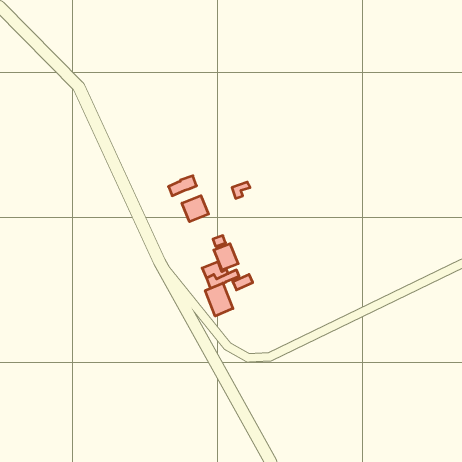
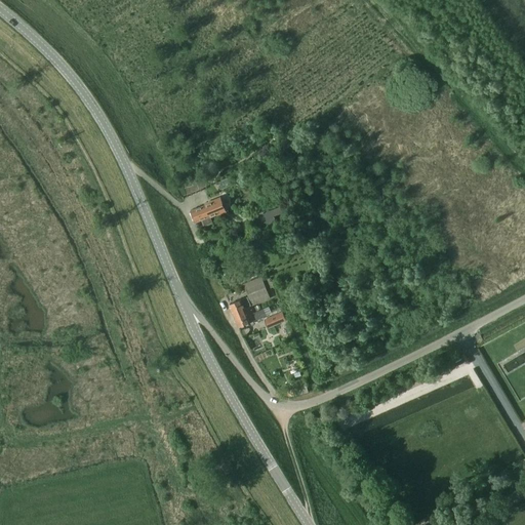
building: [182,196,209,222] -> none
building: [205,283,233,316] -> none

